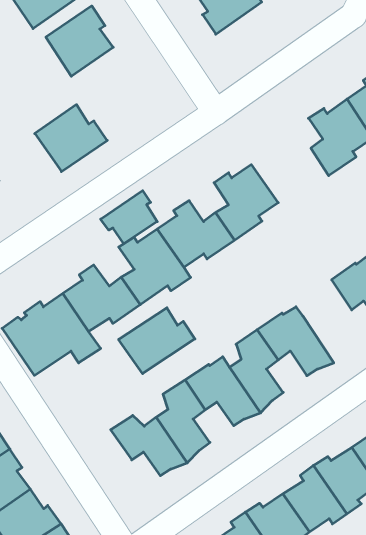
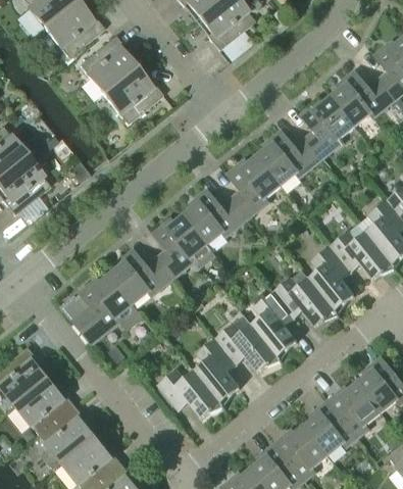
building: [35,105,107,172] -> [102,67,162,124]
building: none -> [256,129,320,185]
building: [101,191,157,244] -> none
building: none -> [308,245,354,313]
building: [119,308,195,374] -> none

